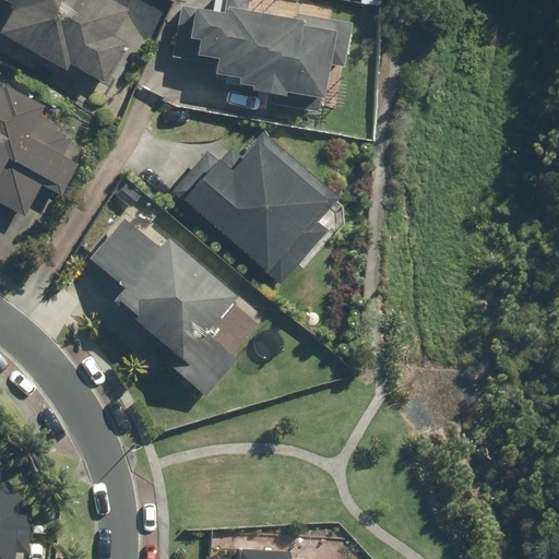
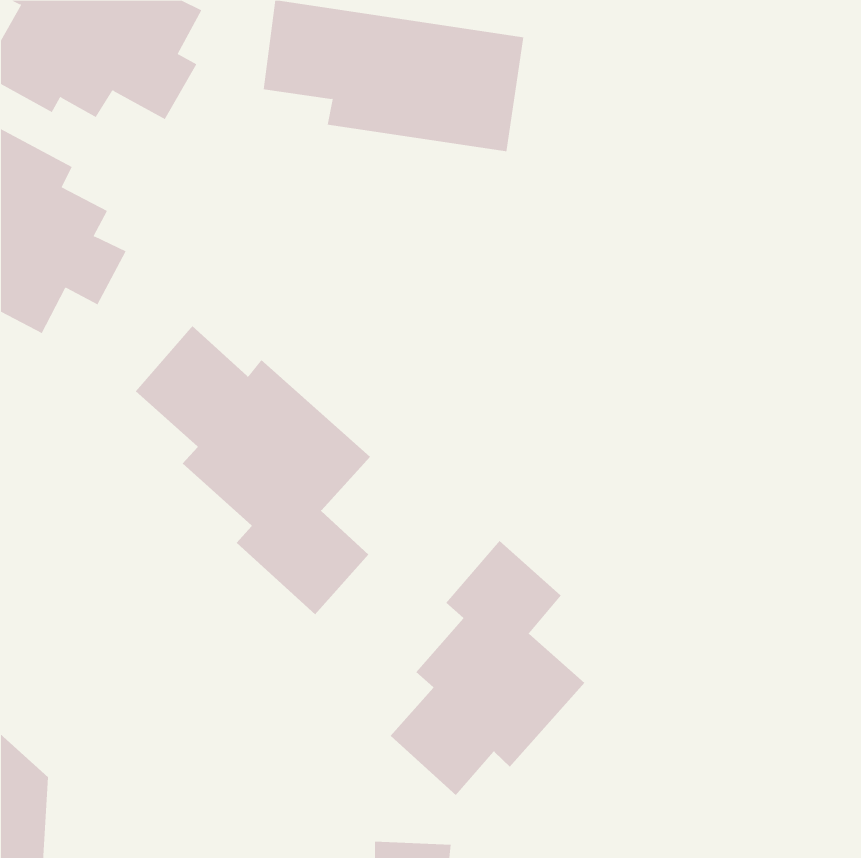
building: [173,130,337,274] -> none
building: none -> [390,540,585,796]

